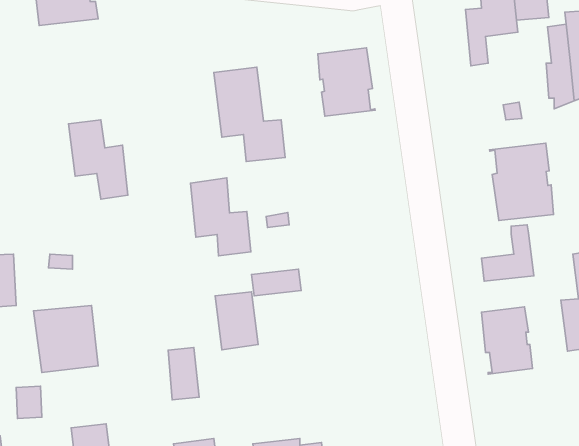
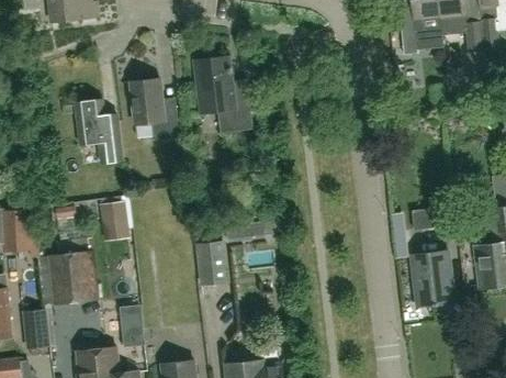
building: [318,48,375,116] -> none
building: [489,143,553,221] -> none
building: [190,178,251,256] -> [130,77,179,141]
building: none -> [104,202,132,235]
building: [168,347,199,400] -> [119,304,144,347]

